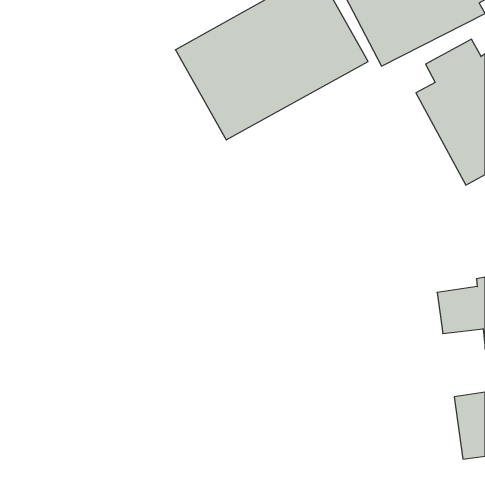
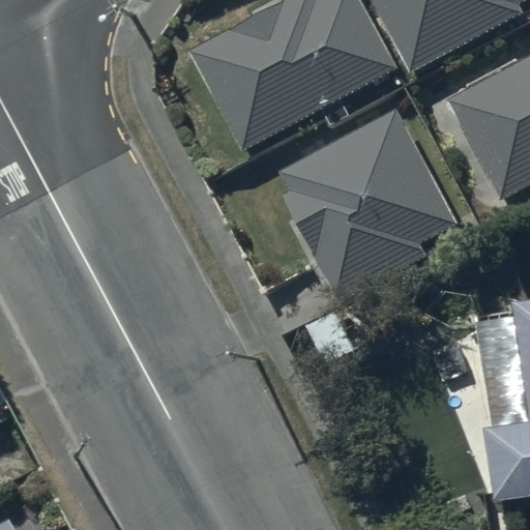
building: none -> [281,108,459,302]

